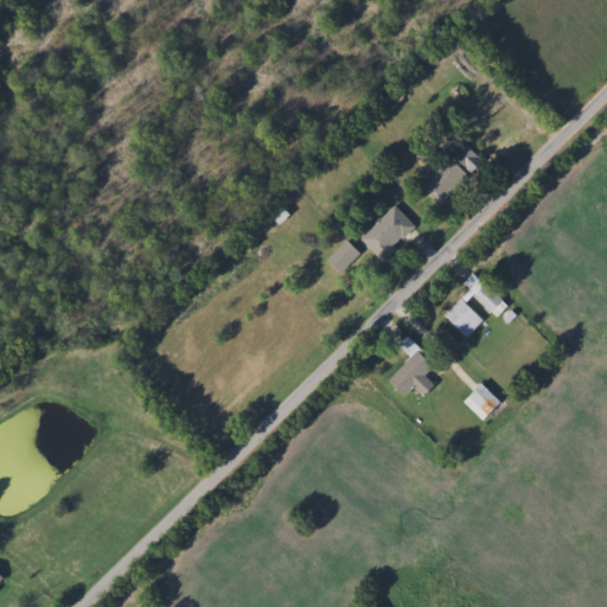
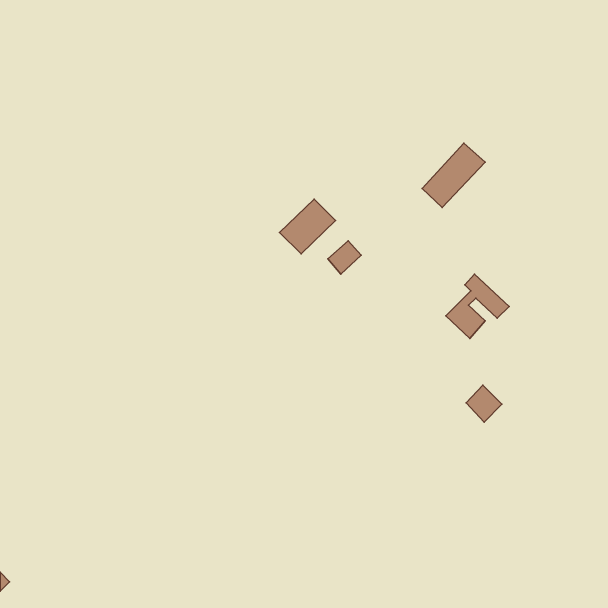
building: [360,205,416,260] -> [280,199,336,254]
building: [389,351,442,396] -> none

